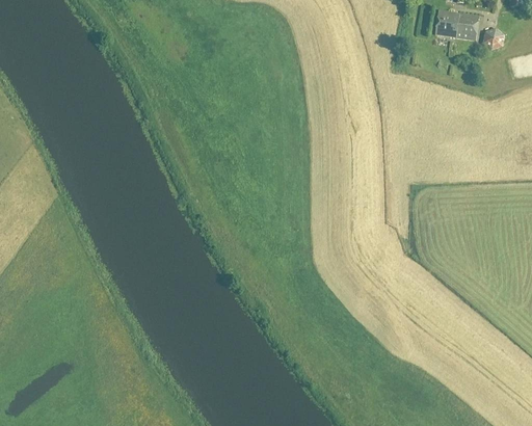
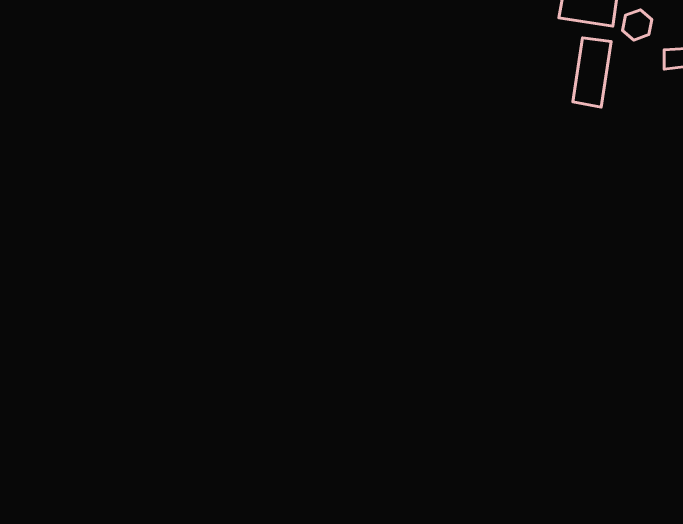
building: none -> [573,38,611,107]

